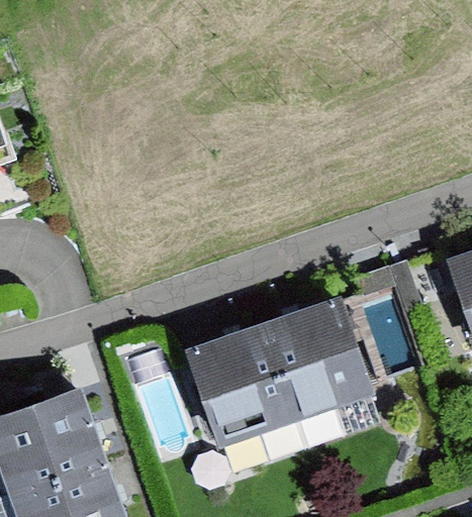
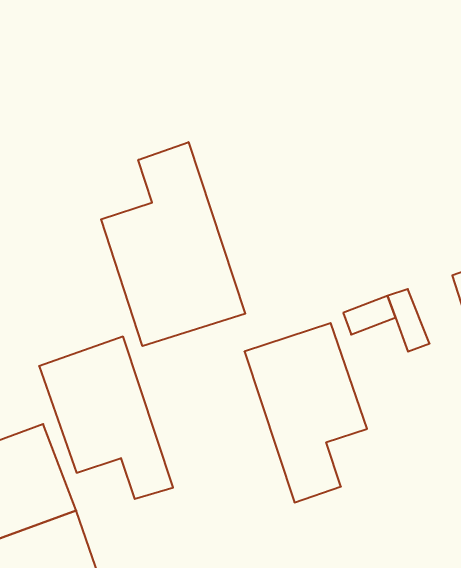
building: none -> [101,142,245,346]
building: [184,323,303,468] -> [39,337,173,499]

